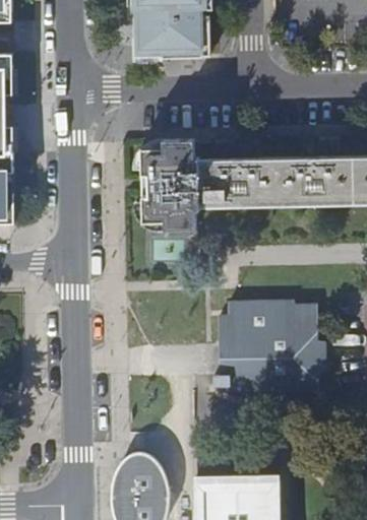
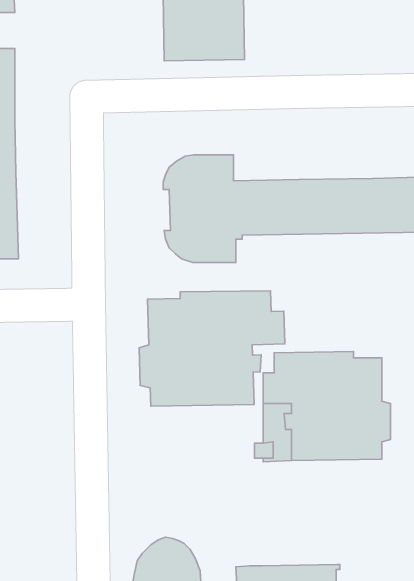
building: none -> [139,291,285,406]

